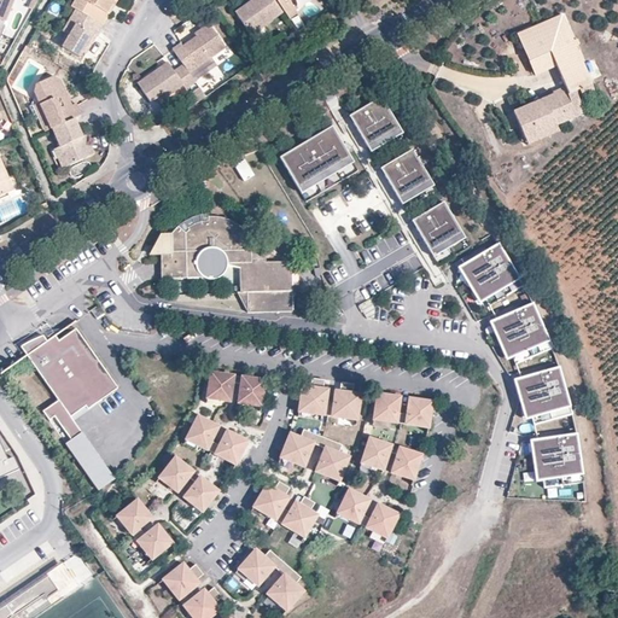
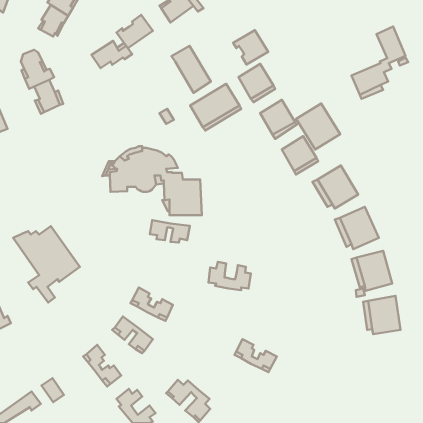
building: [517,12,571,57] -> none
building: none -> [233,30,268,65]
building: none -> [172,46,211,93]
building: none -> [296,103,340,150]
building: [211,373,269,406] -> [150,220,190,243]
building: [378,396,436,428] -> none
building: [65,432,112,490] -> none
building: [285,432,352,480] -> none
building: [367,441,425,479] -> none
building: [258,484,320,537] -> none

